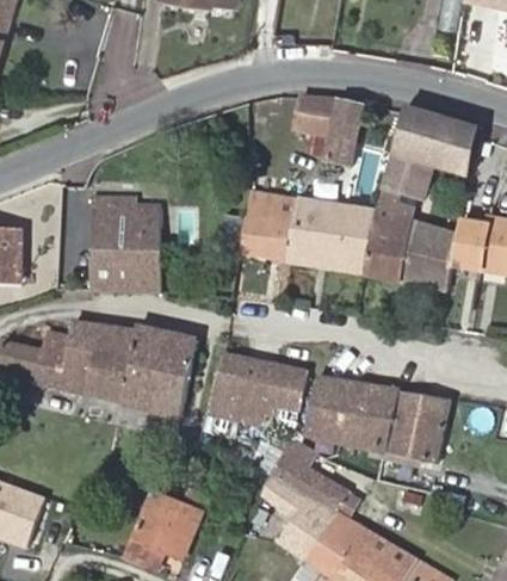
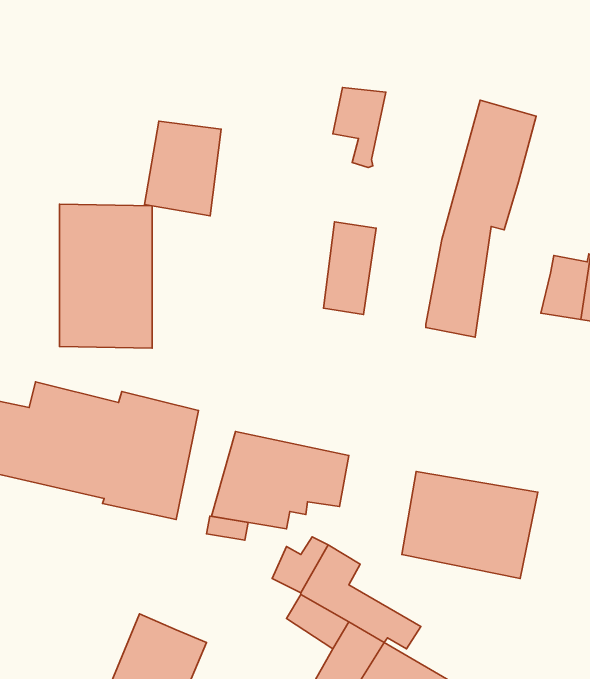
building: [321,100,361,165] -> none
building: [433,118,478,177] -> none
building: [239,191,296,261] -> [145,121,221,216]
building: [317,202,376,273] -> none
building: [401,224,457,290] -> none
building: [304,376,357,445] -> none

